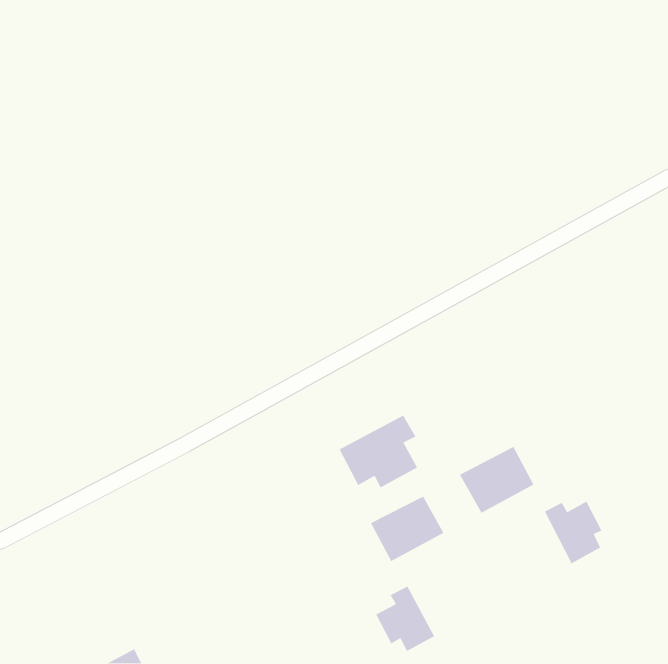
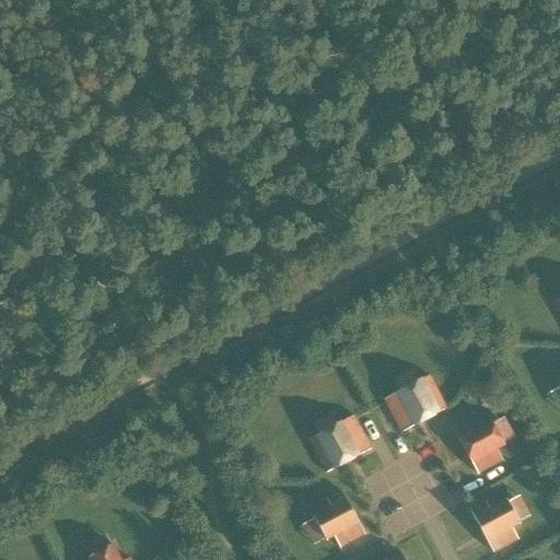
building: [339,414,418,489] -> none
building: none -> [470,498,518,551]

